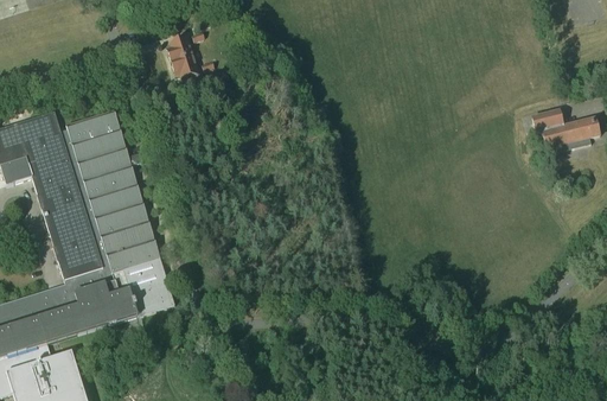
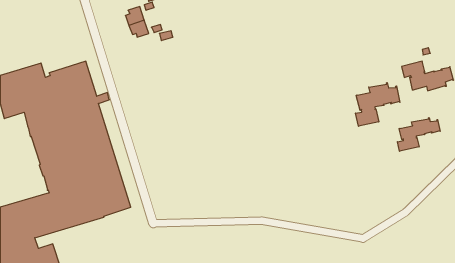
building: none -> [356,83,400,126]
building: none -> [397,118,440,151]

